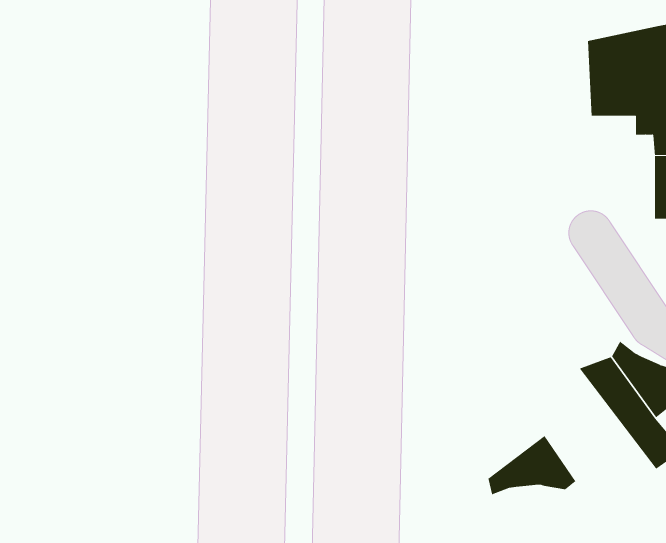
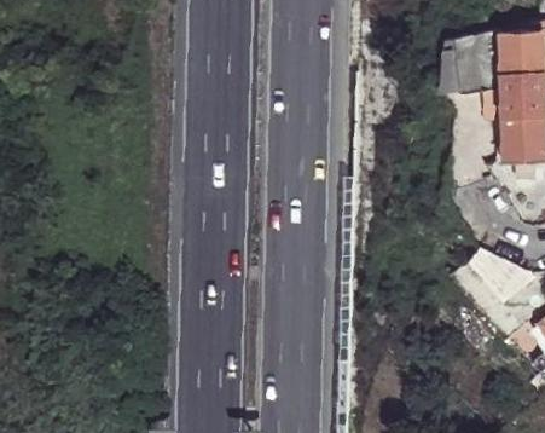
building: [488,435,576,495] -> none

